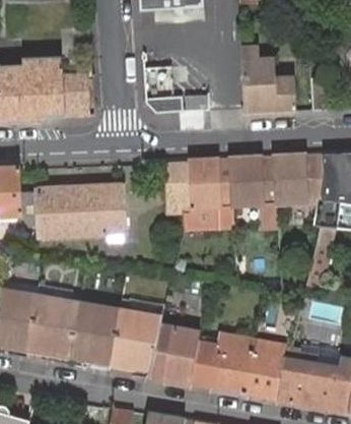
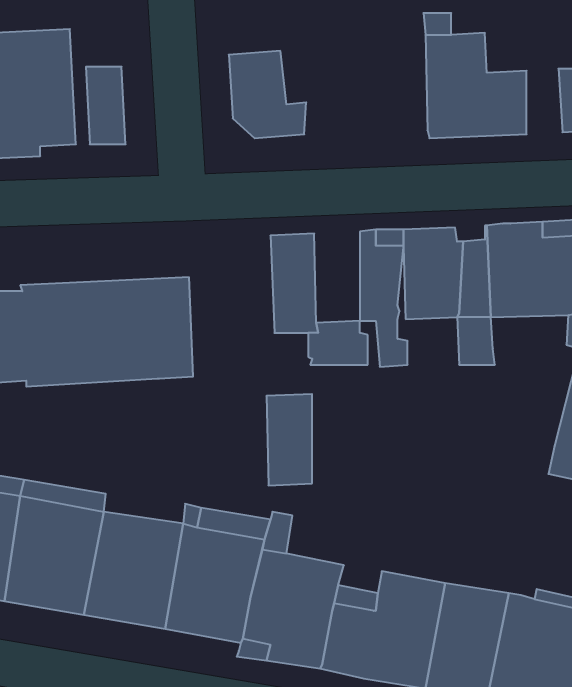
building: [188,161,211,207] -> [266,394,312,485]

